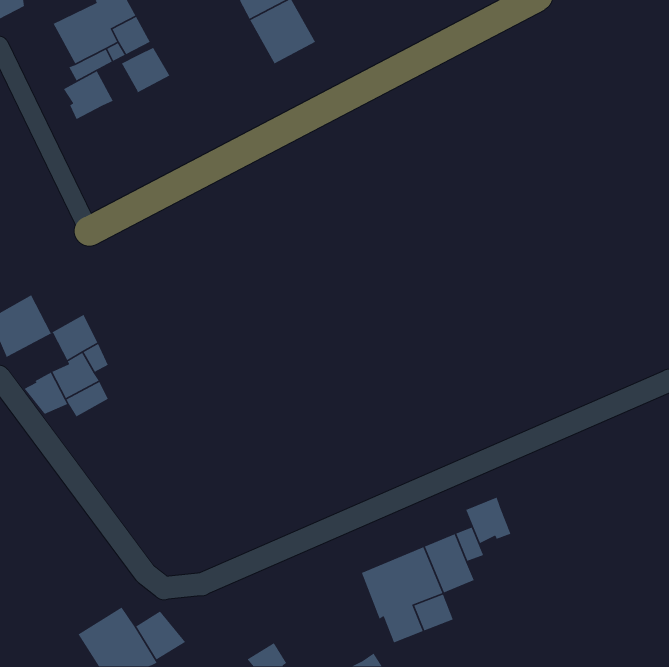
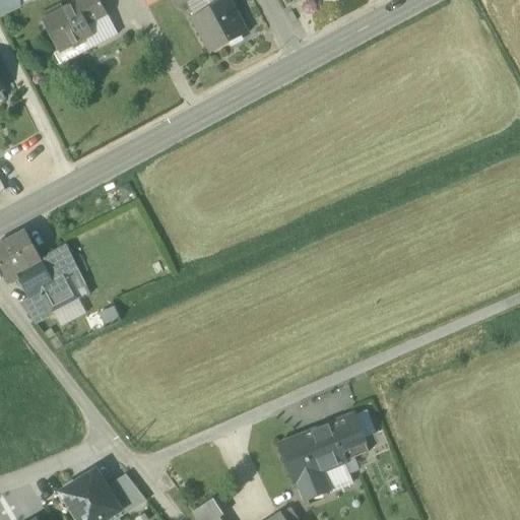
building: [121,47,170,93] -> none
building: [63,70,114,120] -> none
building: none -> [6,258,53,295]
building: [465,496,512,544] -> none

